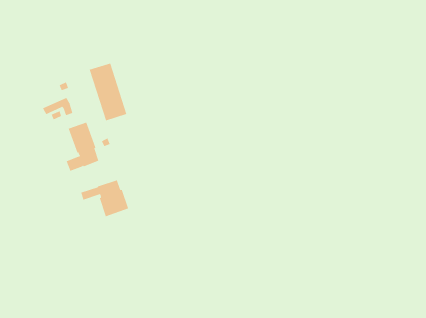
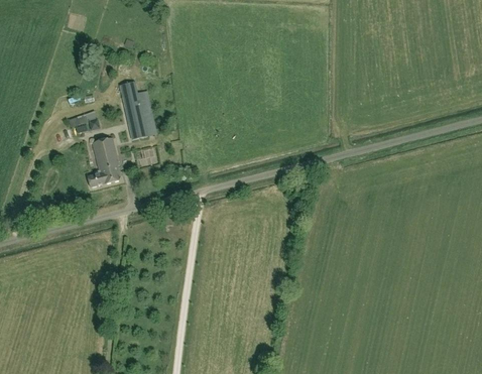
building: [81,180,129,217] -> none

